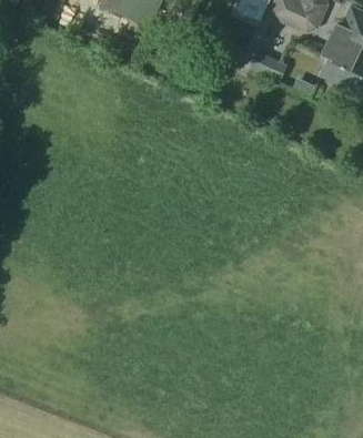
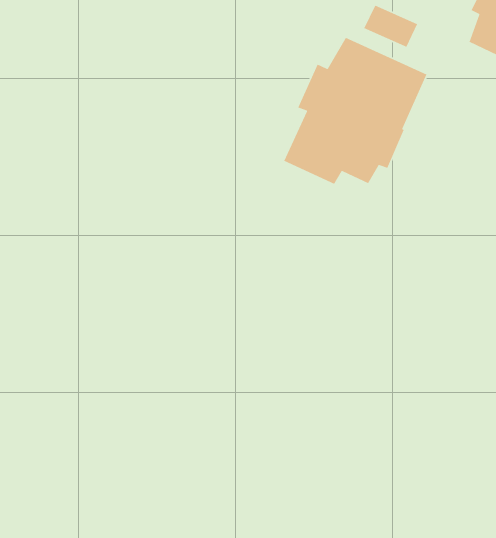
building: none -> [283,37,428,185]

